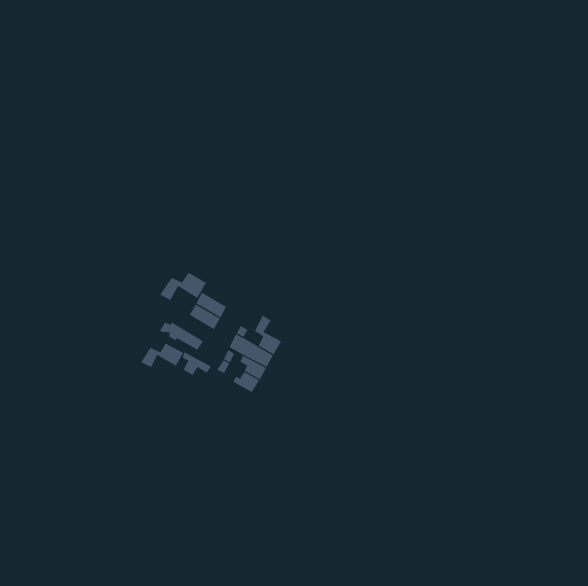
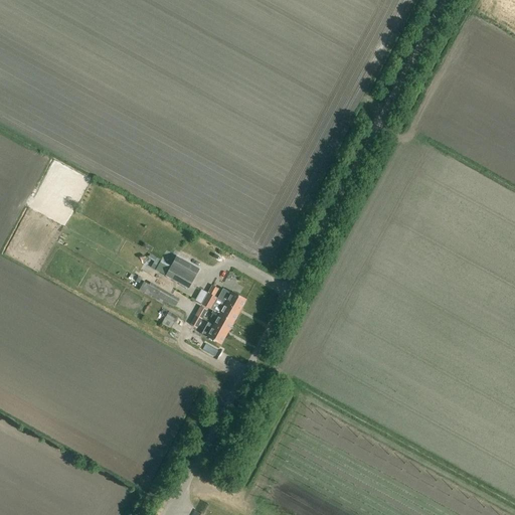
building: [160,272,207,301] -> none
building: [140,343,184,368] -> none

